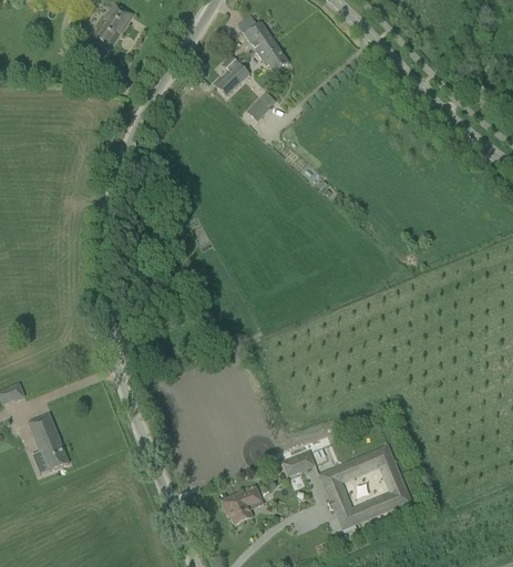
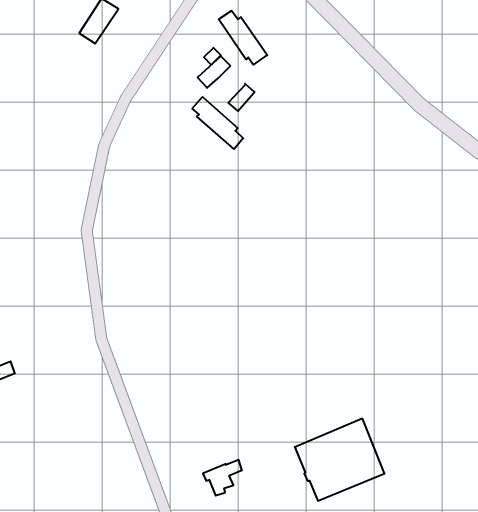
building: none -> [192,97,243,149]
building: [28,413,68,471] -> none
building: [284,450,315,475] -> none

